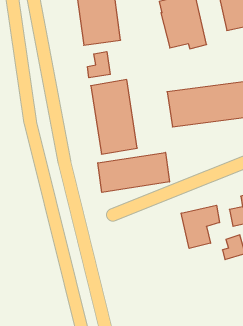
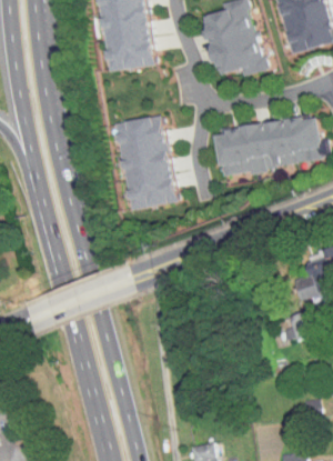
building: [88,52,110,78] -> none
building: [98,152,169,192] -> none
building: [181,205,220,248] -> none

